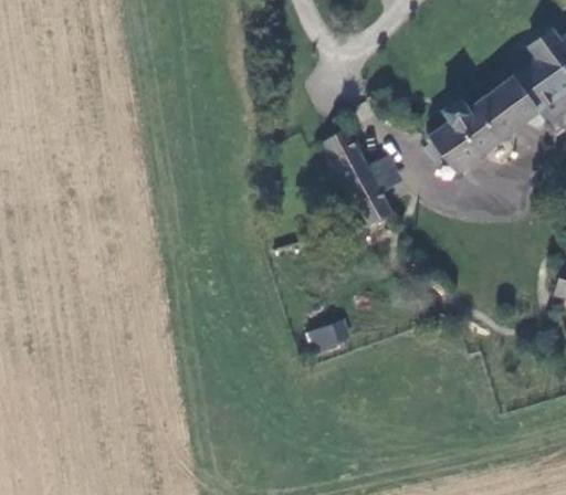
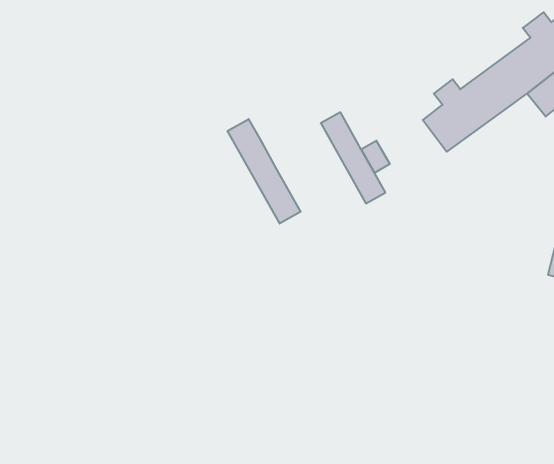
building: none -> [228,119,301,224]
building: [308,318,354,354] -> none

